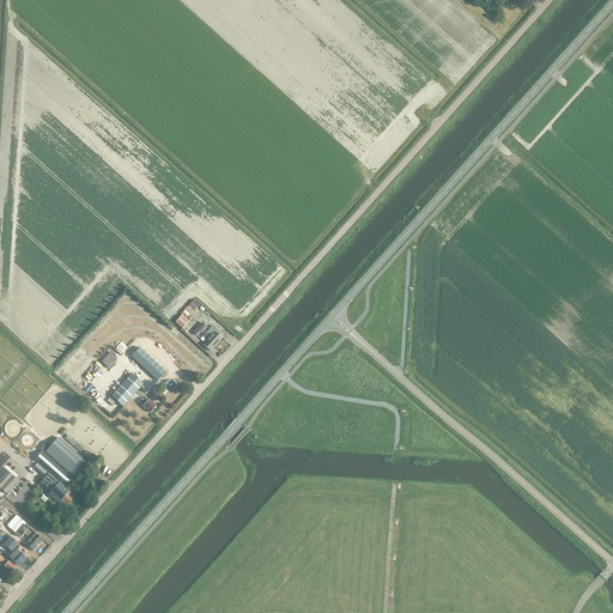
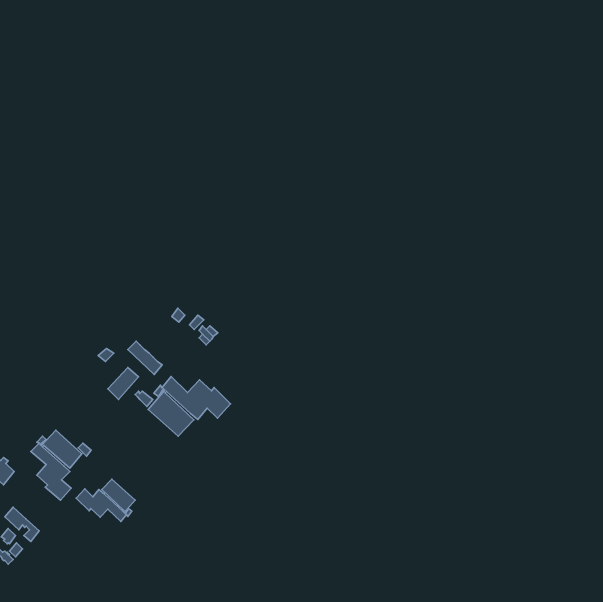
building: none -> [148,377,231,436]
building: none -> [76,479,135,522]

